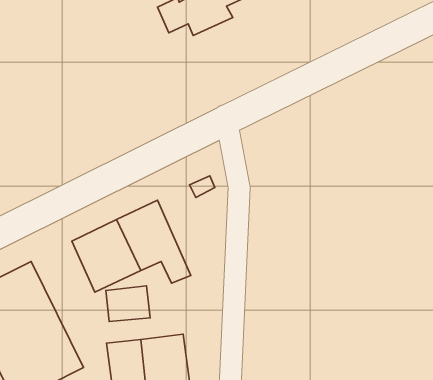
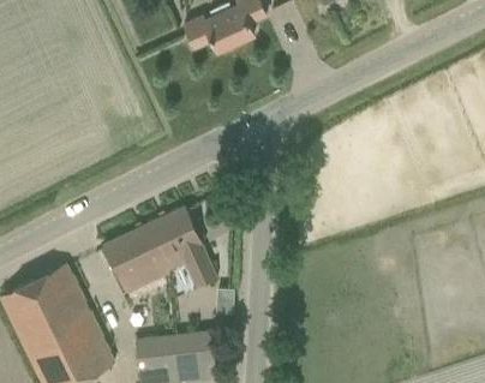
building: [106,286,150,322] -> none

